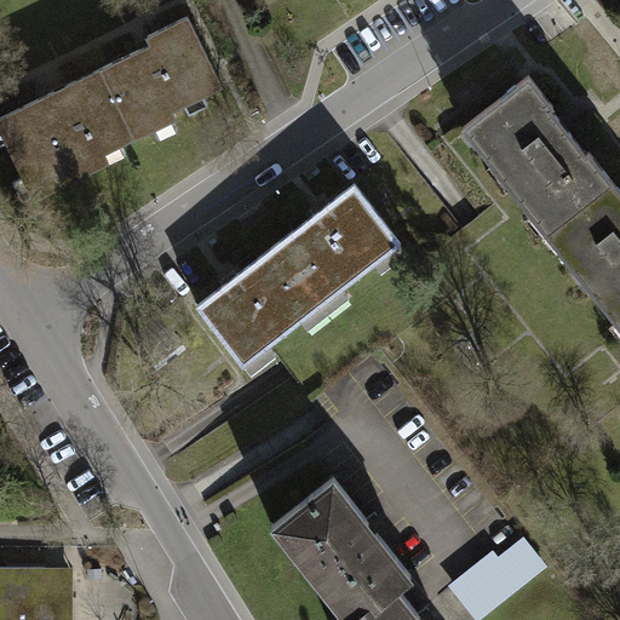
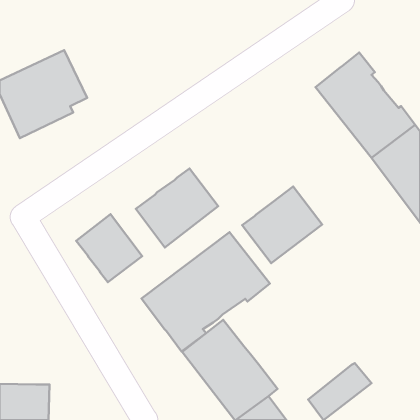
building: [94,21,217,144] -> none
building: [279,191,396,304] -> [242,187,322,263]
building: none -> [76,214,142,282]
building: none -> [141,232,270,352]

